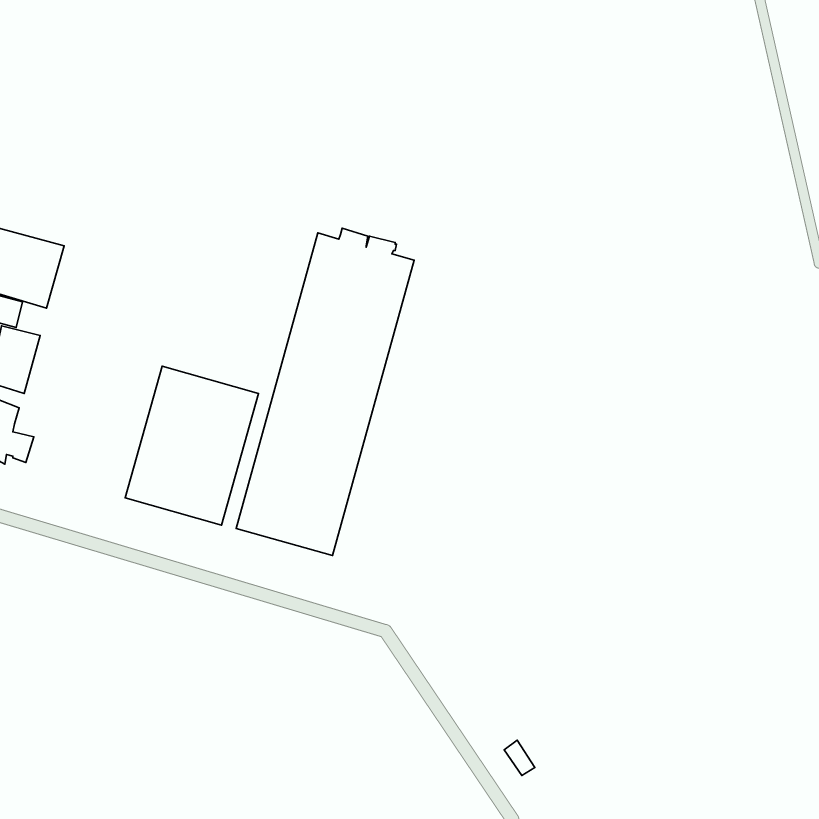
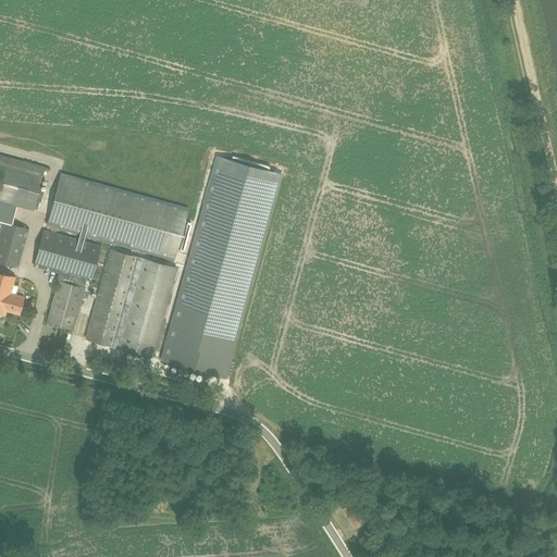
building: none -> [33,173,187,329]

